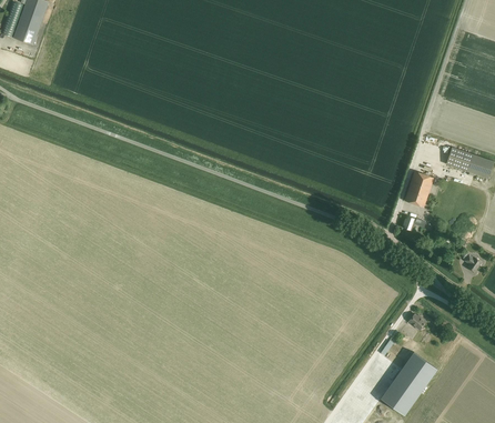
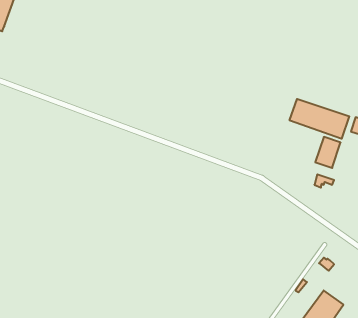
building: none -> [290,99,349,139]

